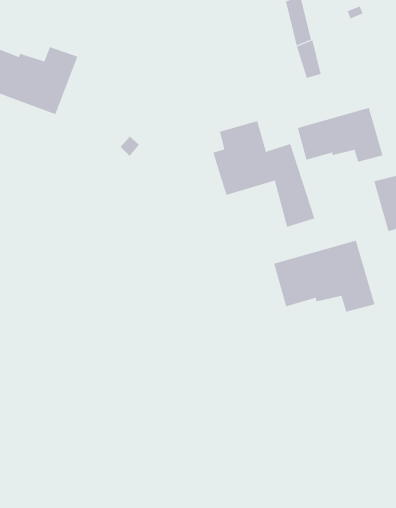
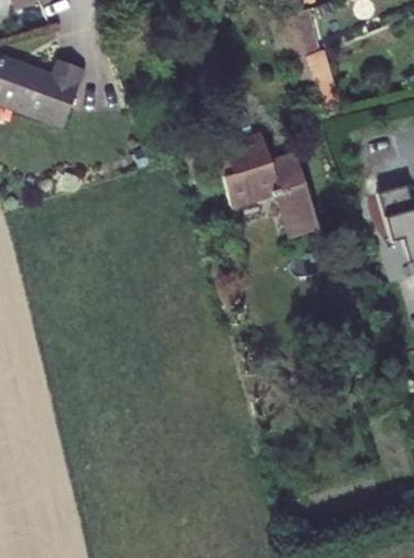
building: [297,107,383,163] -> none
building: [274,240,375,312] -> none

